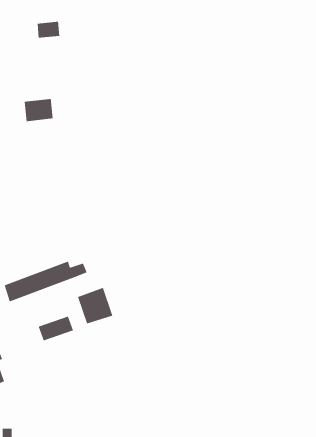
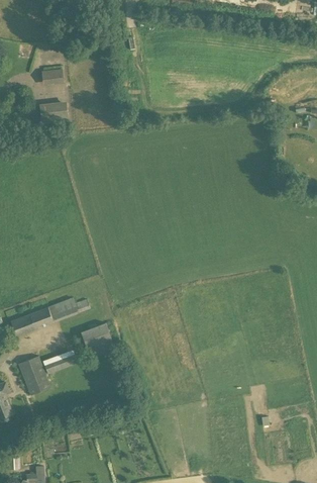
building: [24,98,54,122] -> [38,101,67,123]
building: none -> [16,356,48,395]

